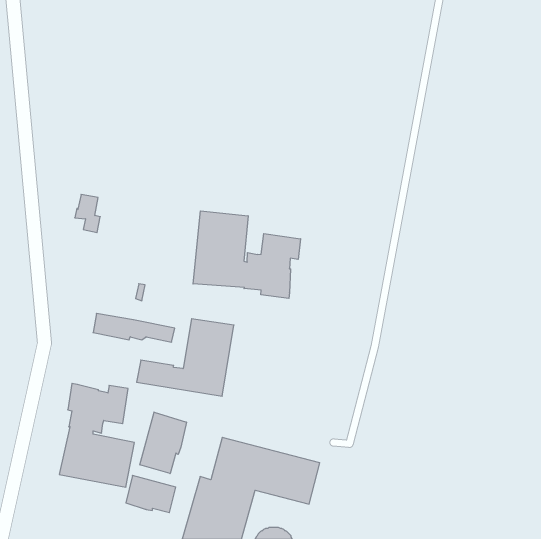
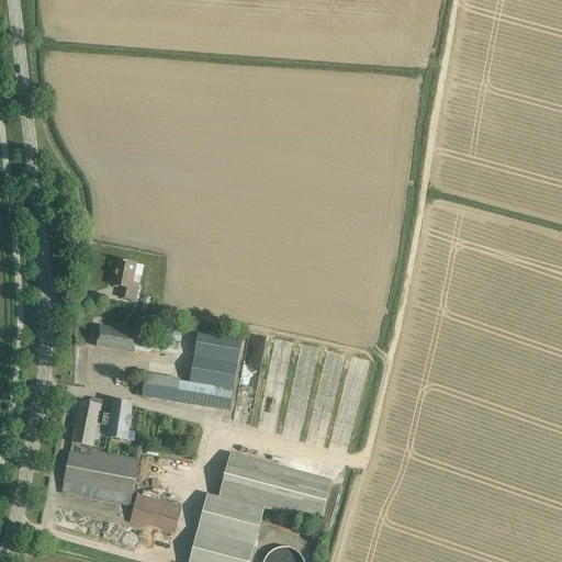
building: [75,194,100,233] -> [111,259,137,299]
building: [193,211,301,298] -> none
building: [140,412,186,474] -> none

